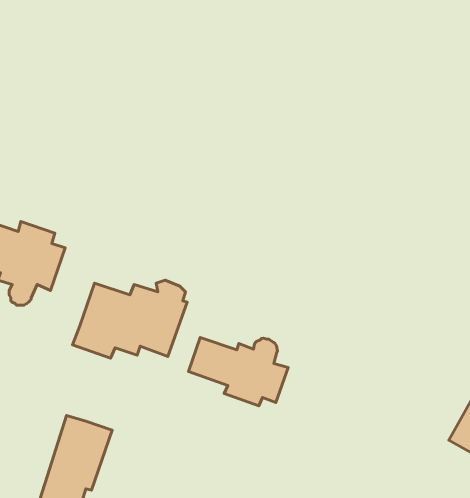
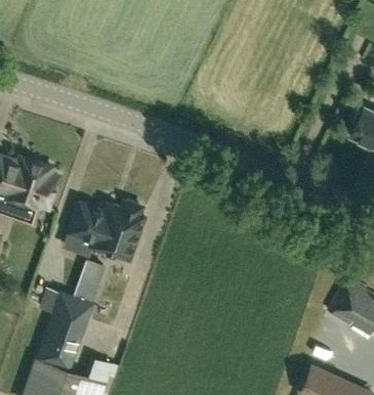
building: [189,338,288,406] -> none
building: none -> [73,263,103,306]

